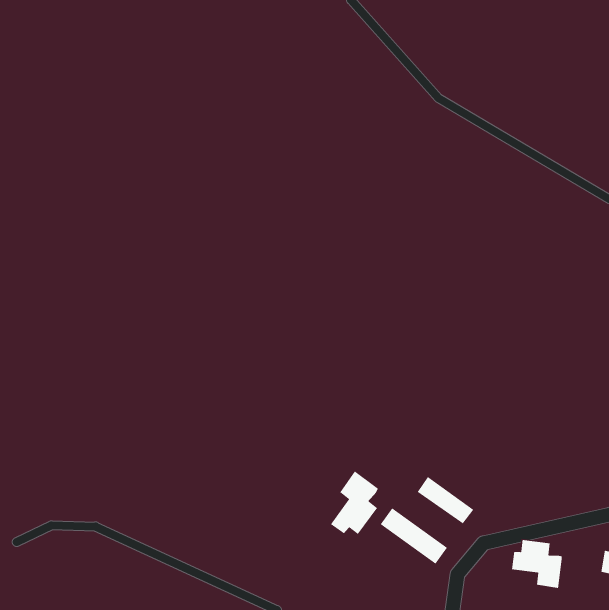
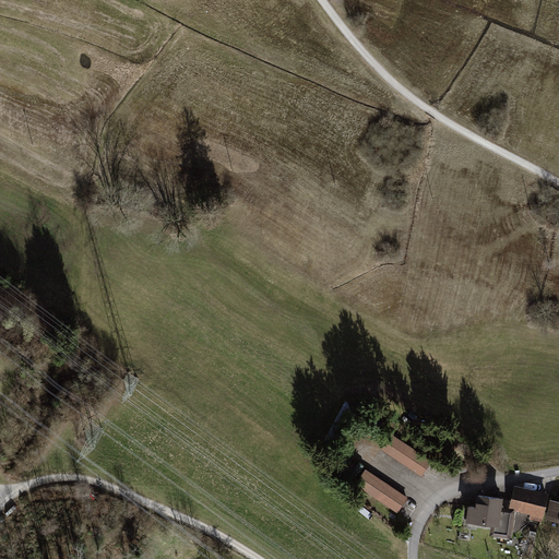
building: [330,471,379,535] -> none
building: none -> [511,485,550,522]

